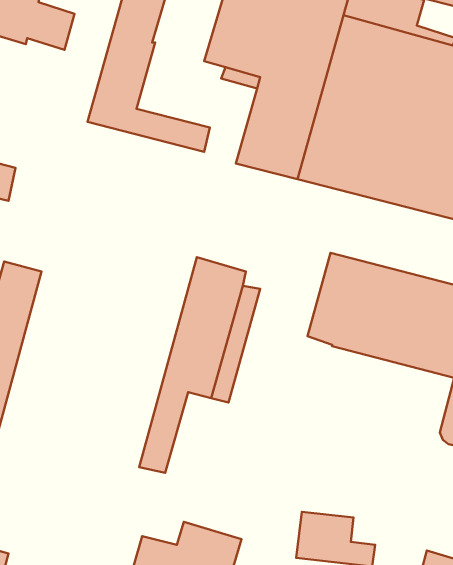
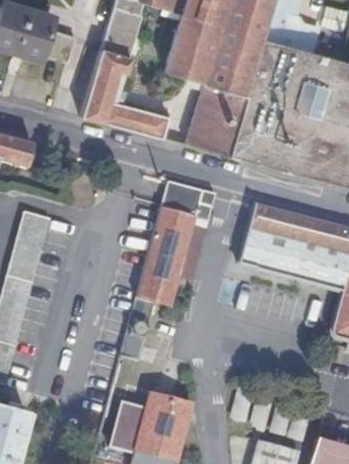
building: none -> [160,181,217,221]

